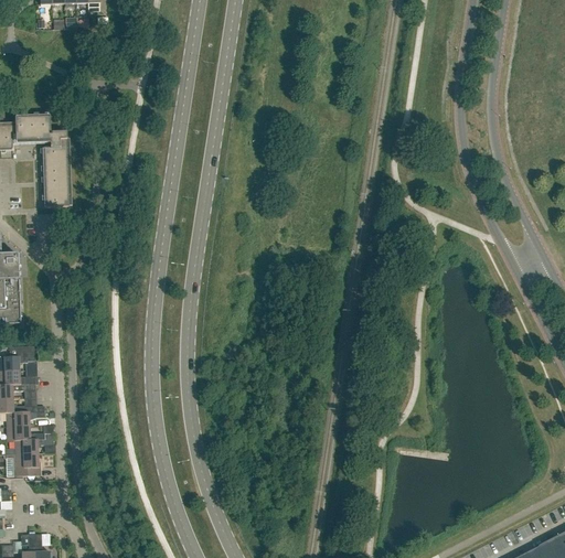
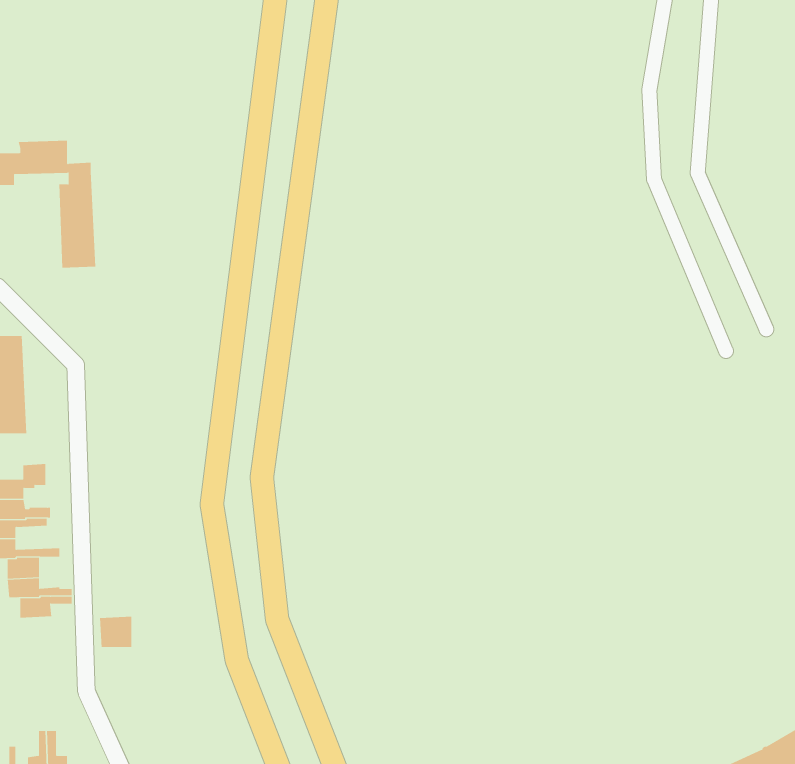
building: [14,453,38,475] -> [99,616,132,648]

